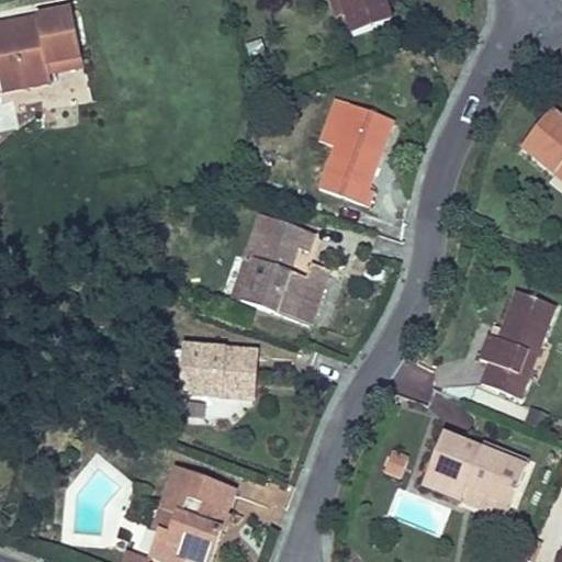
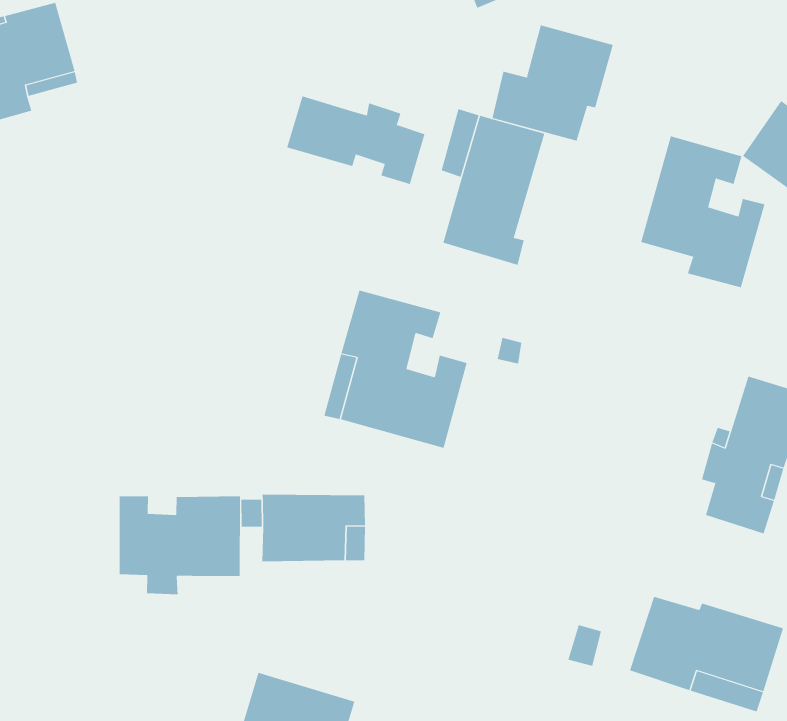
building: none -> [492,24,613,141]
building: none -> [286,96,425,185]
building: none -> [641,136,765,288]
building: none -> [119,495,241,595]

